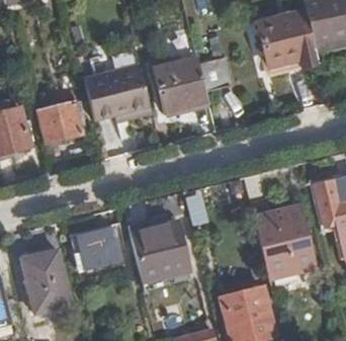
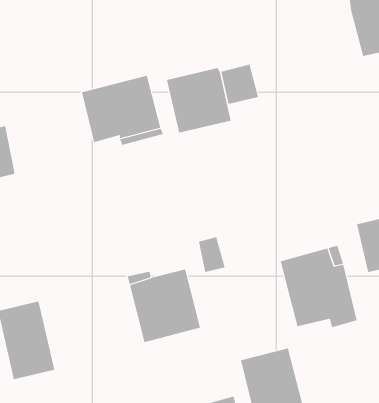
building: [261,10,321,65] -> none
building: [38,101,84,143] -> none
building: [72,229,118,270] -> none

